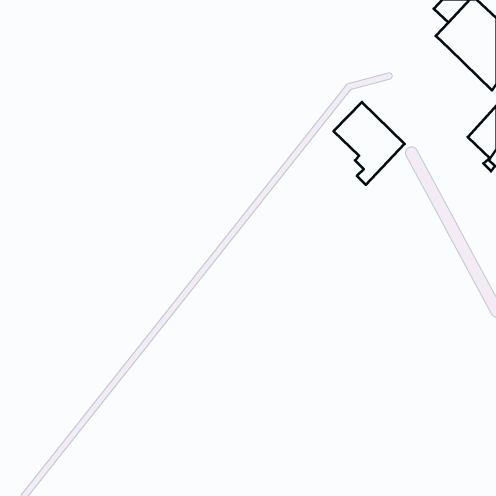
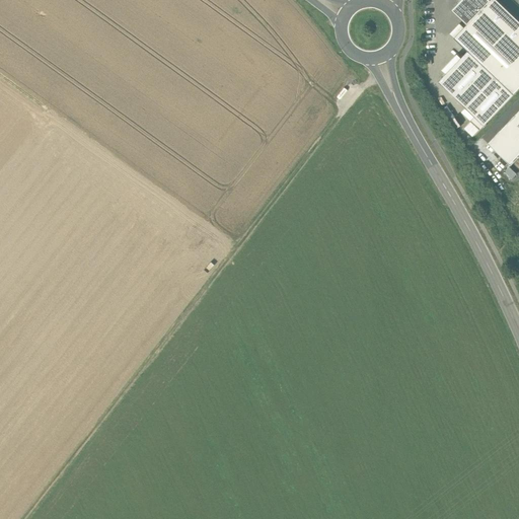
building: [334,102,405,185] -> [440,51,514,137]

